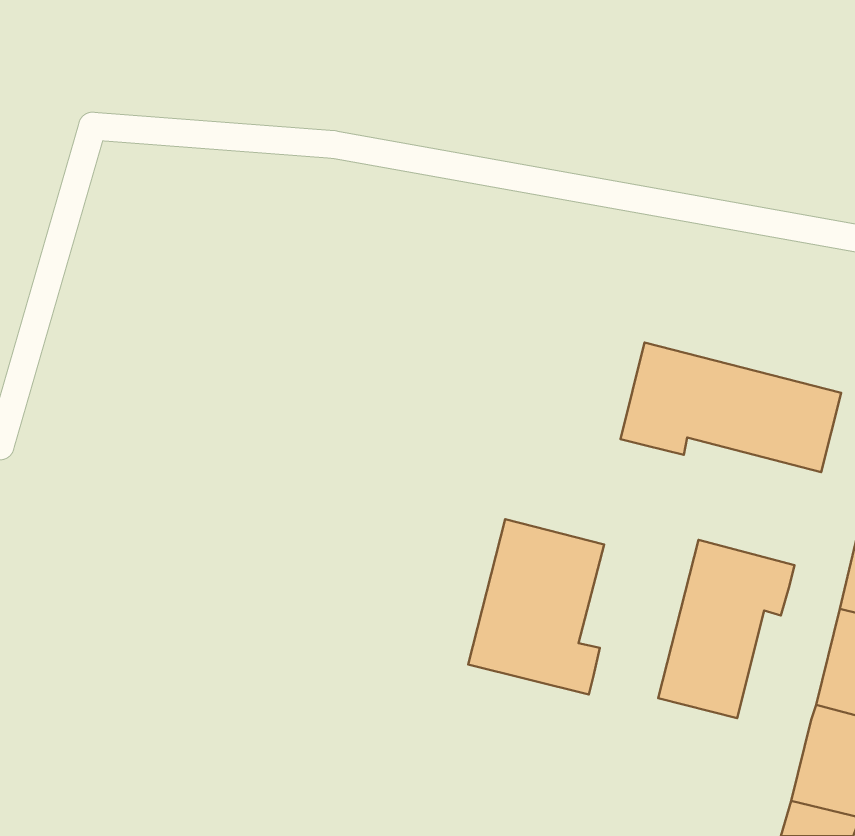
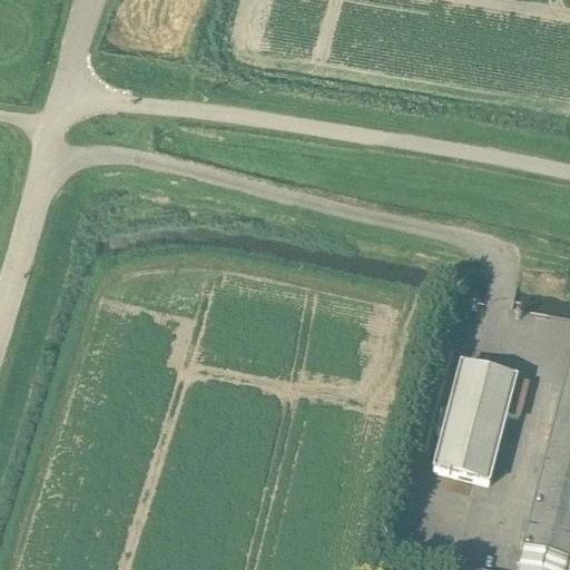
building: [621,343,841,472] -> none
building: [468,519,604,694] -> none

